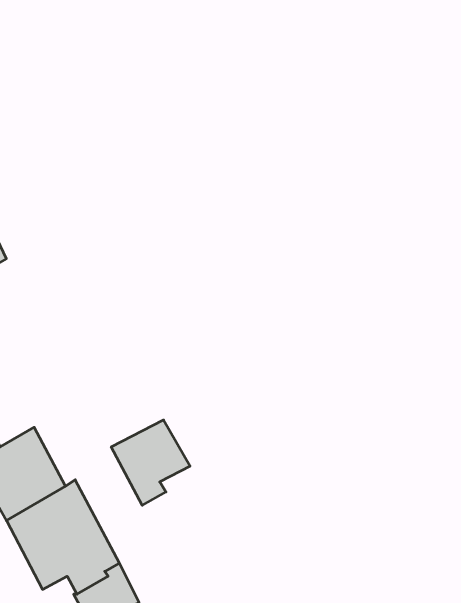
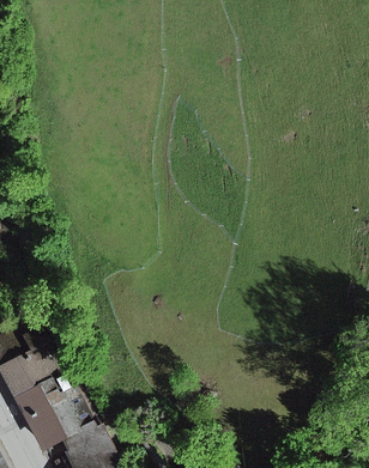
building: [111,420,190,505] -> none

